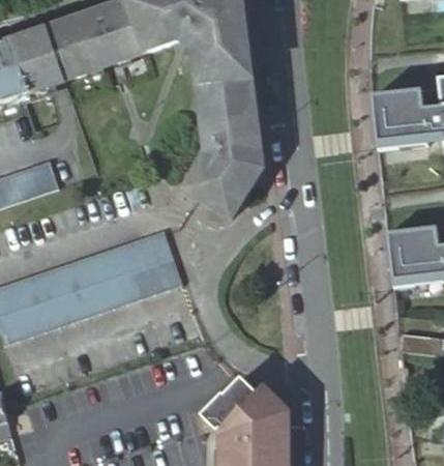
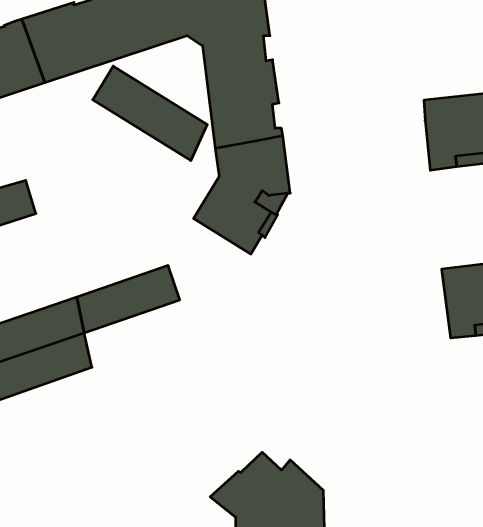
building: none -> [93,66,207,161]
building: [95,257,182,312] -> none

